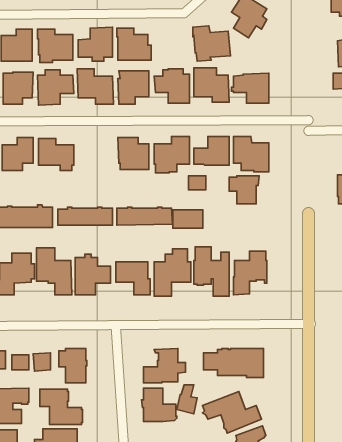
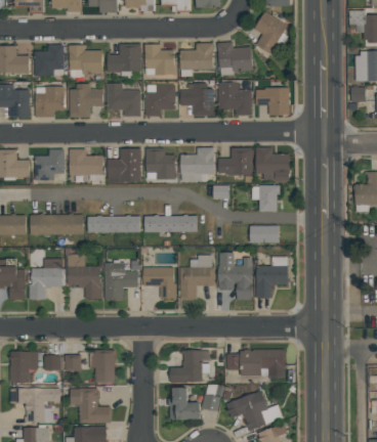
building: none -> [180,43,213,77]
building: none -> [108,148,141,183]
building: [173,210,203,228] -> [250,225,279,242]

